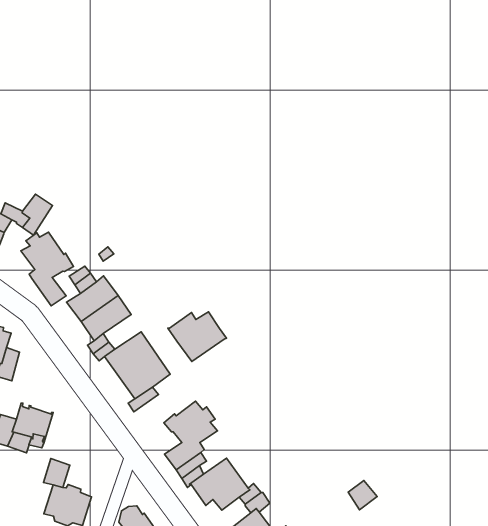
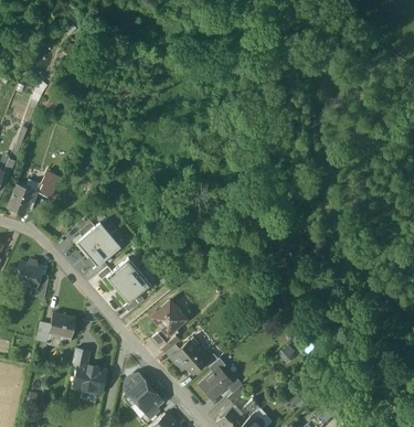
building: [21,232,74,306] -> none
building: [168,312,226,362] -> none

